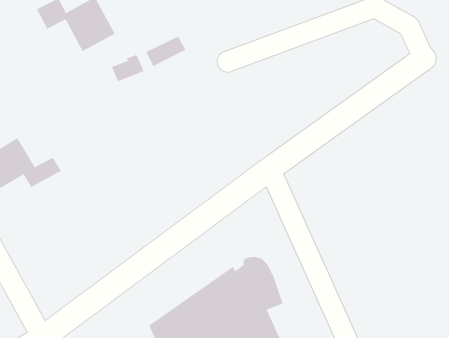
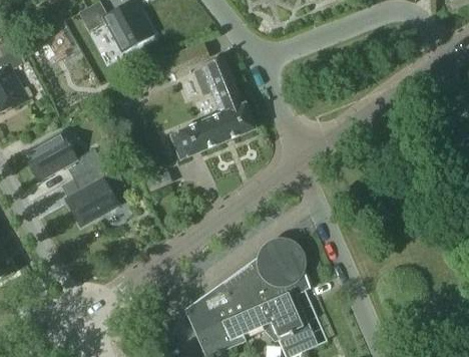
building: none -> [168,56,254,159]
building: none -> [64,163,124,228]

